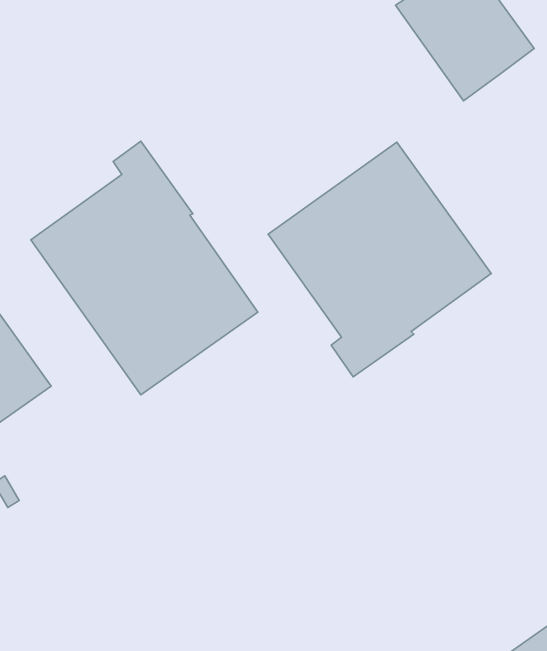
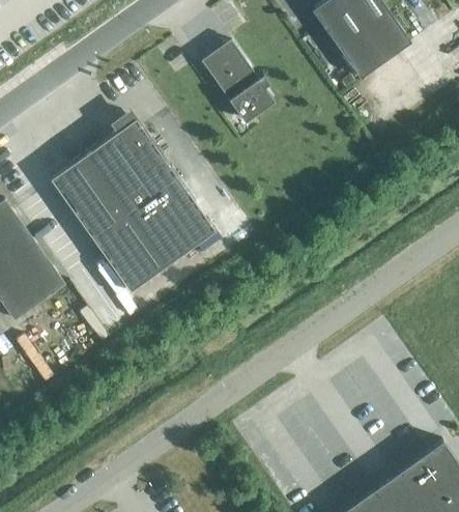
building: none -> [203,44,274,122]
building: [268,142,491,377] -> none

